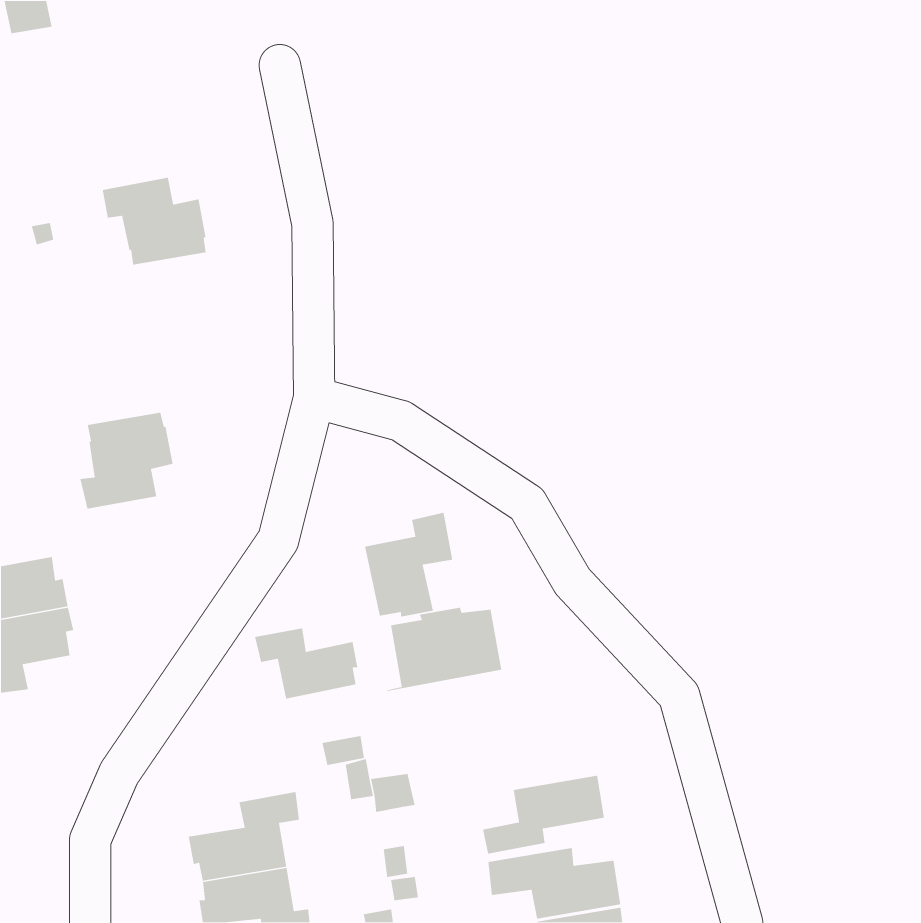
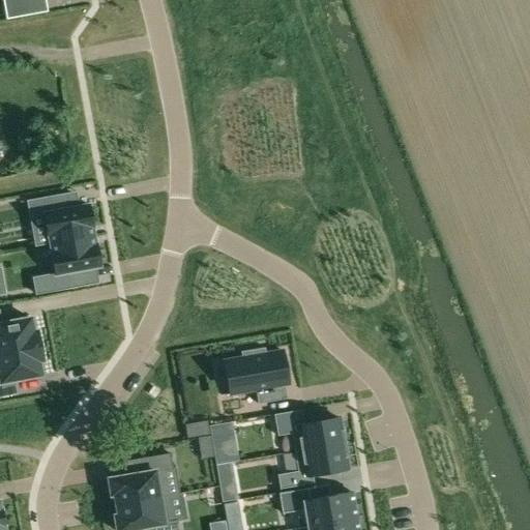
building: [102,177,206,265] -> [33,193,93,243]
building: [364,512,453,618] -> none
building: [254,628,358,700] -> none
building: none -> [274,410,344,452]

